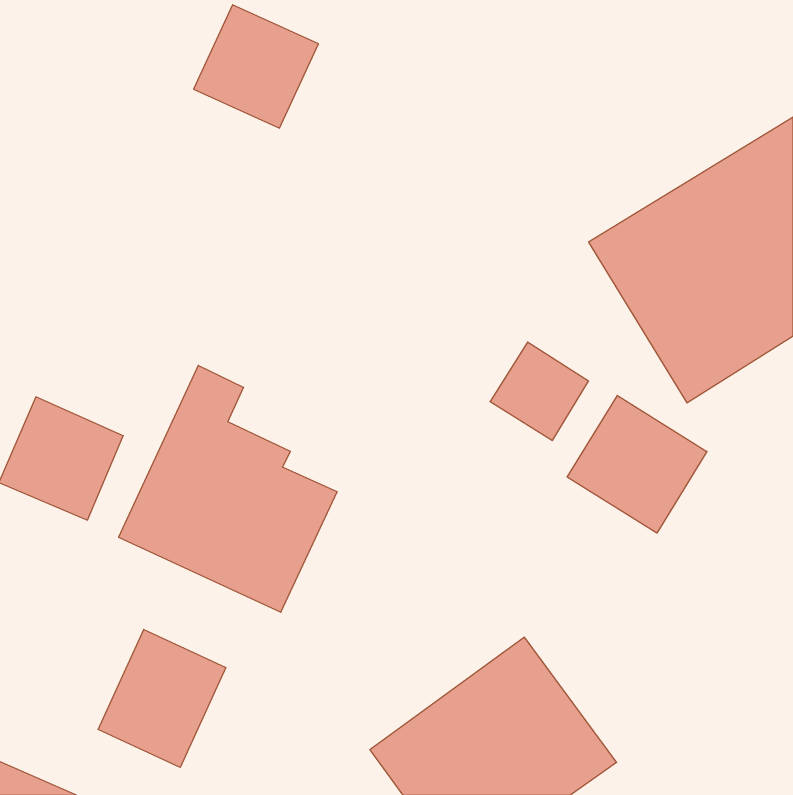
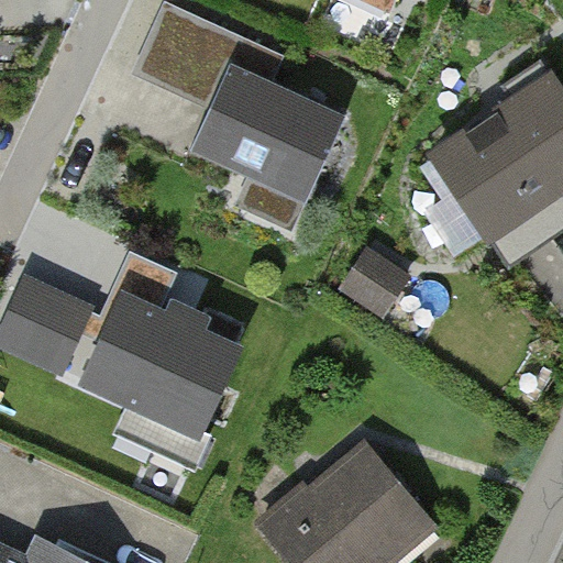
building: none -> [192,38,344,199]
building: [567,395,707,533] -> none
building: [98,629,226,767] -> none

